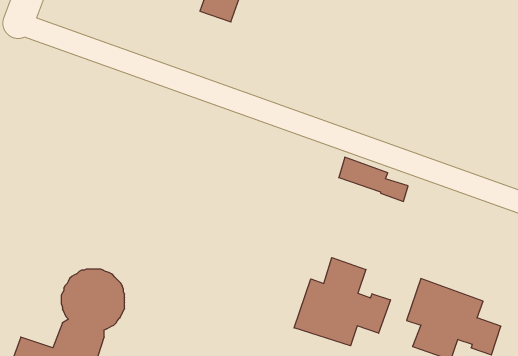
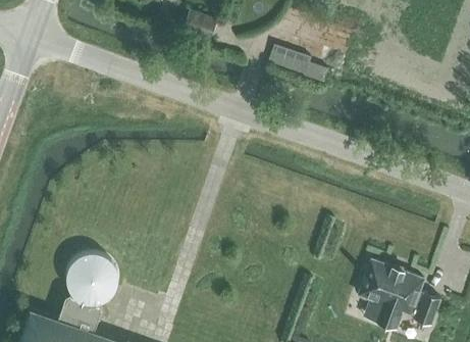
building: [339,157,408,201] -> [270,46,329,84]
building: [294,258,390,346] -> none

